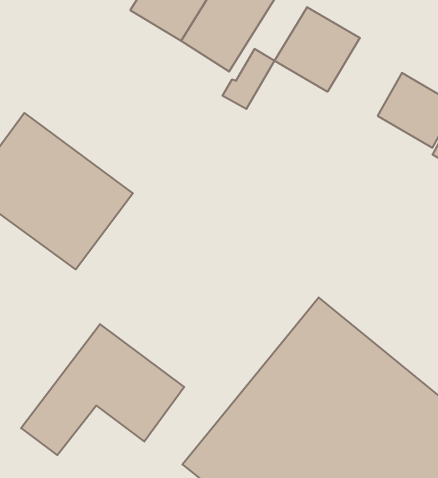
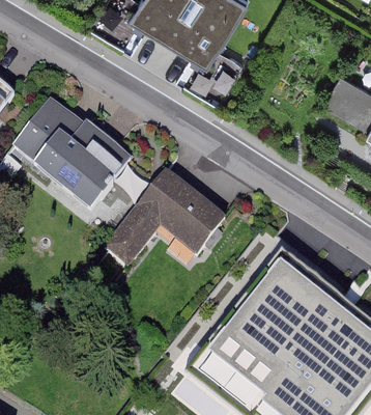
building: [275,7,360,92] -> none
building: [21,324,184,455] -> [104,170,230,272]

